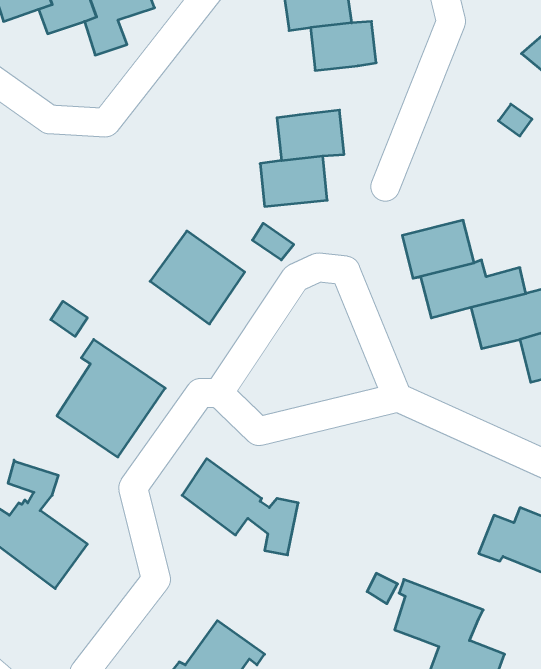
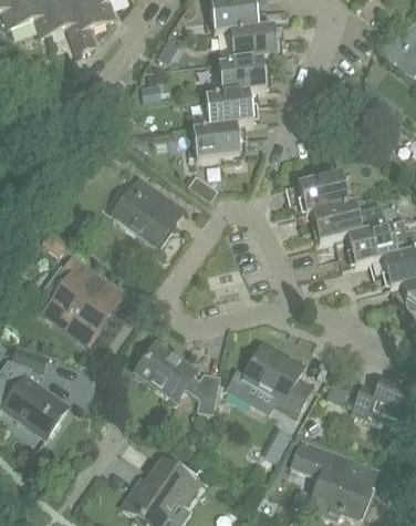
building: none -> [218,59,267,94]
building: none -> [223,347,311,416]

